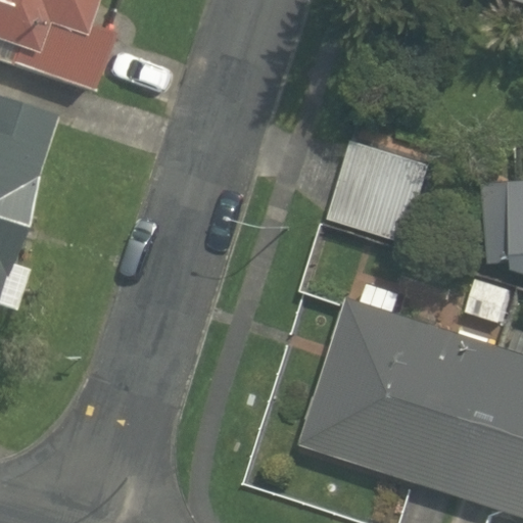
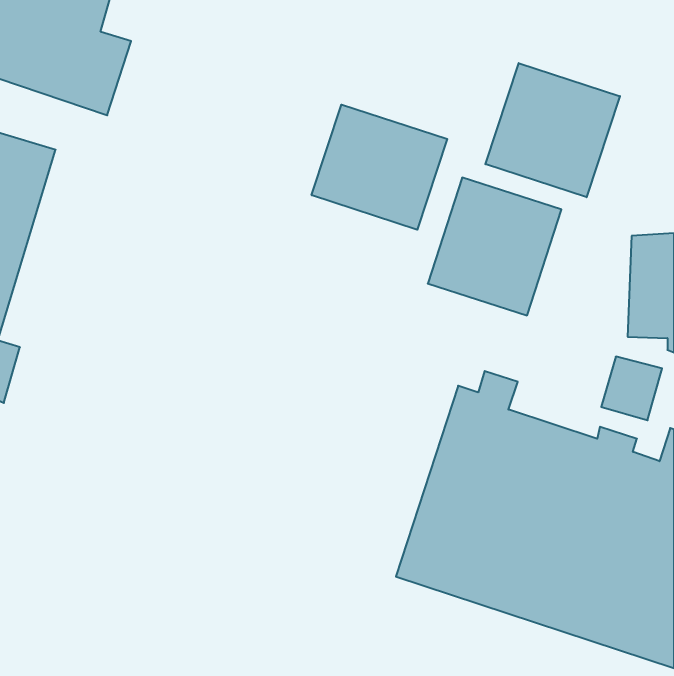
building: none -> [485,63,620,197]
building: none -> [312,105,447,230]

